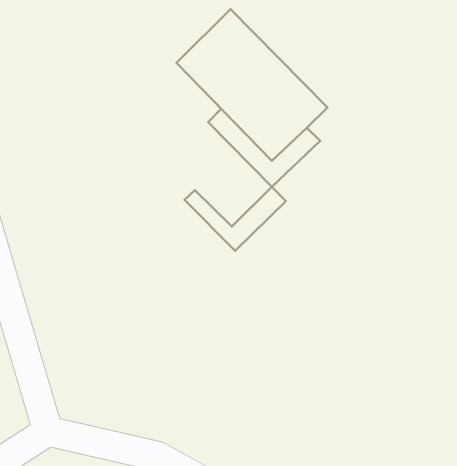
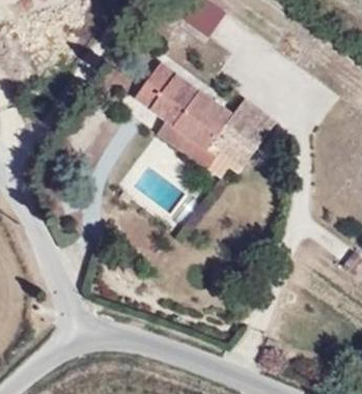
building: [185,187,286,251] -> none

